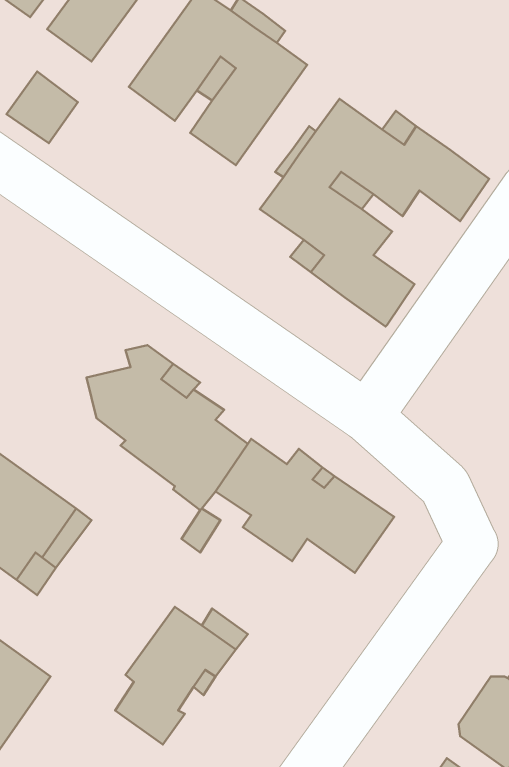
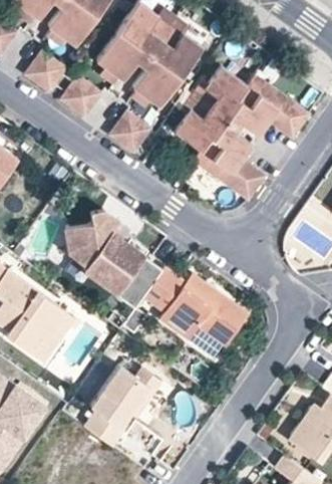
building: none -> [59,76,101,118]
building: none -> [108,111,149,154]

